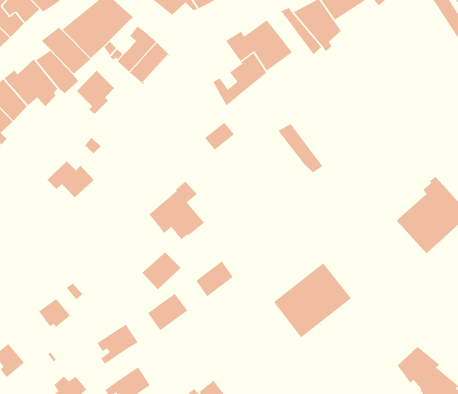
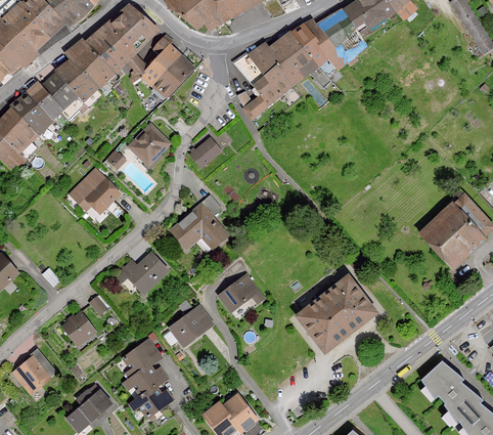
building: none -> [232,53,265,86]
building: [76,70,115,114] -> [129,125,168,169]
building: [204,122,235,150] -> [189,138,220,167]
building: [277,122,323,173] -> [290,25,337,76]
building: [142,251,181,290] -> [127,254,167,293]
building: none -> [122,363,168,396]

